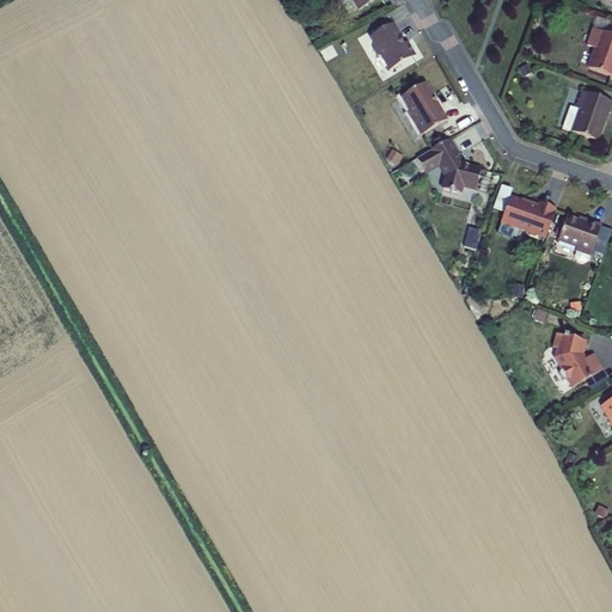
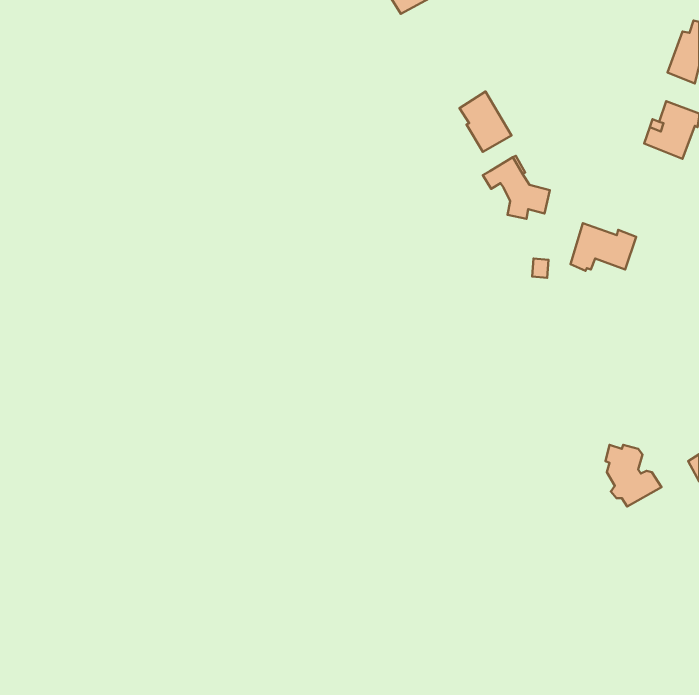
building: [368,22,415,69] -> none
building: [558,214,601,261] -> none
building: [553,331,602,385] -> [605,445,661,506]

